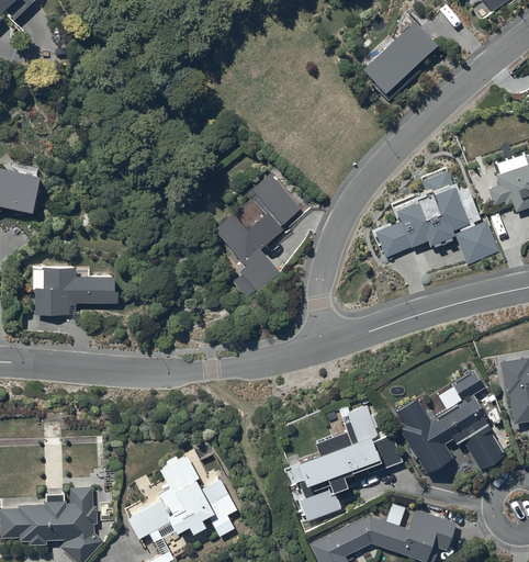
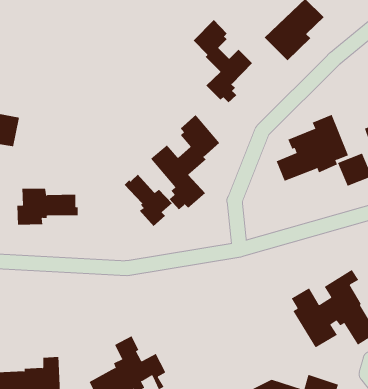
building: none -> [193,19,253,103]
building: none -> [124,174,173,227]
building: [297,403,403,520] -> none

